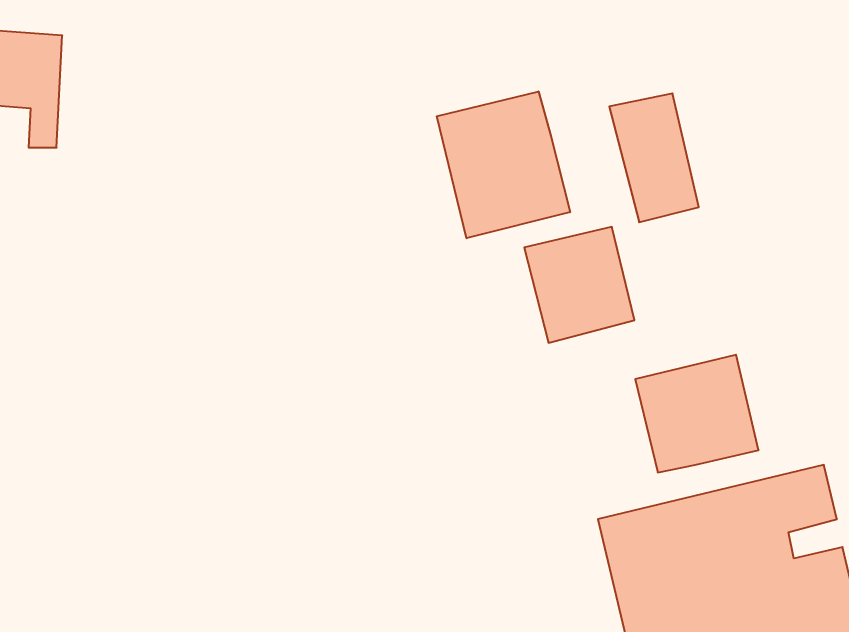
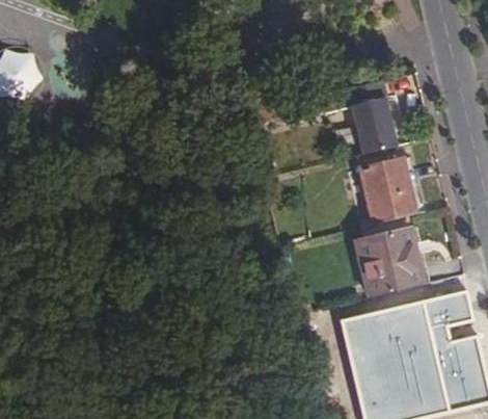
building: [437,91,570,238] -> none
building: [524,227,634,343] -> [359,159,421,224]

